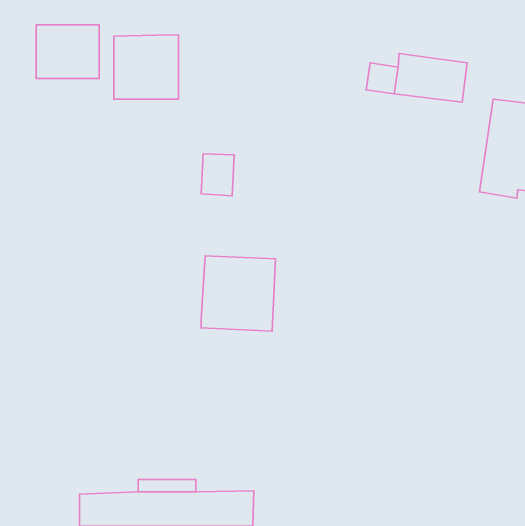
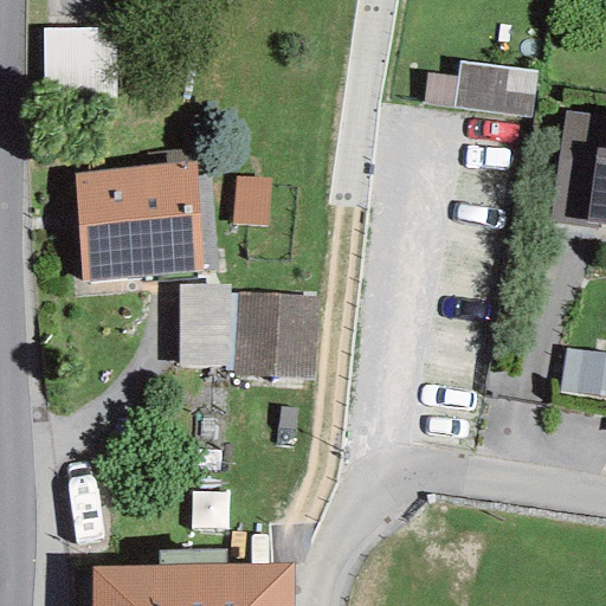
building: [114,35,178,99] -> none
building: none -> [75,161,201,281]
building: none -> [180,284,238,367]

